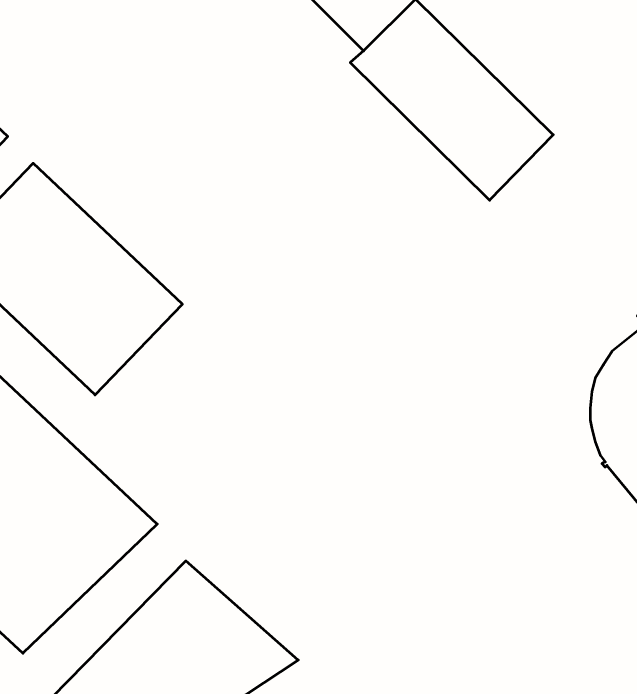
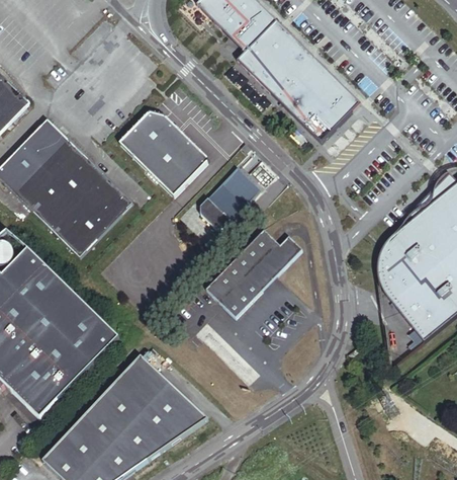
building: none -> [117,96,209,196]
building: none -> [191,167,254,230]
building: none -> [199,228,295,317]

